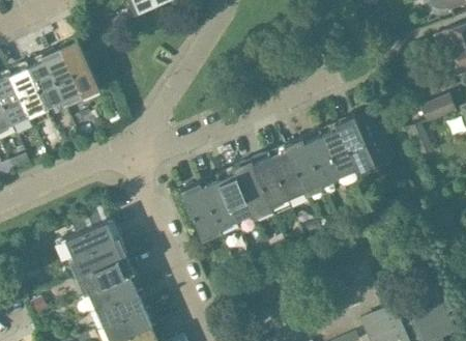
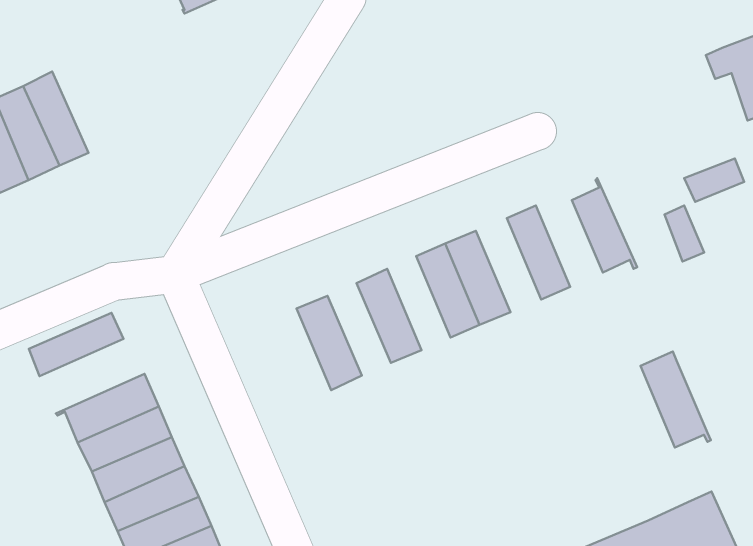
building: [58,40,99,95] -> none
building: [334,117,375,172] -> [640,351,711,447]
building: [300,133,338,187] -> none
building: [250,154,286,208] -> none
building: [215,170,252,223] -> none
building: [180,184,217,243] -> none
building: none -> [29,313,123,376]

